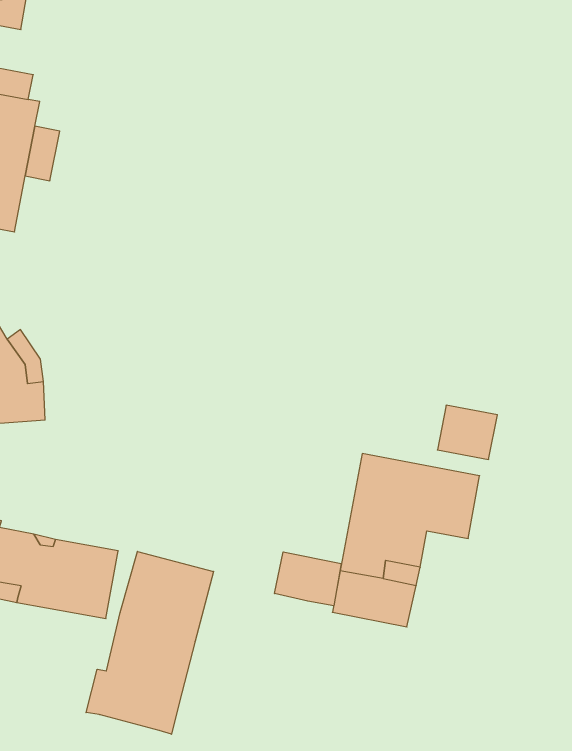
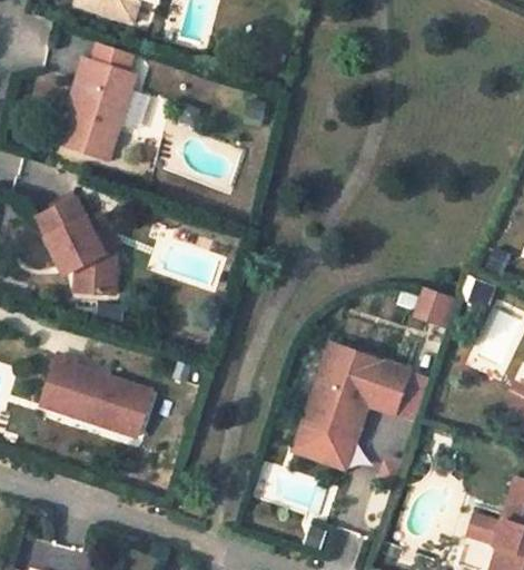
building: [437,405,497,459] -> [408,287,453,328]
building: [86,551,214,734] -> none
building: [275,552,341,606] -> none

